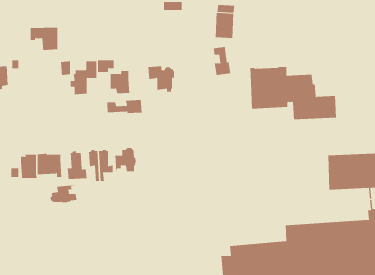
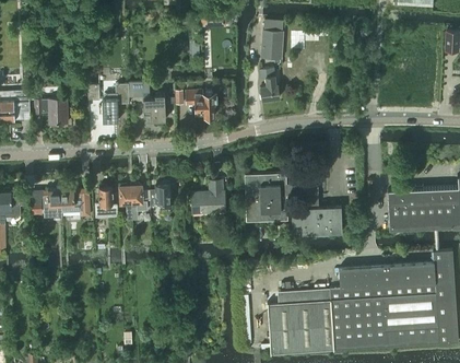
building: [30,27,58,50] -> [35,99,67,126]
building: [249,66,337,120] -> [244,175,342,235]
building: [107,99,142,114] -> none
building: none -> [191,182,224,214]
building: [50,185,77,203] -> none

